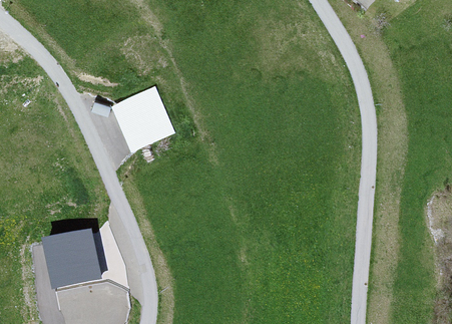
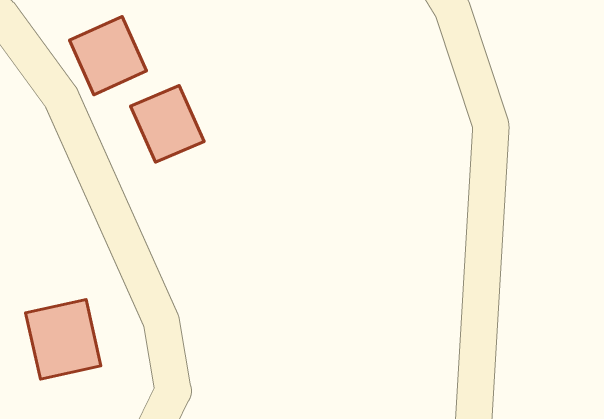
building: none -> [70,17,147,95]

